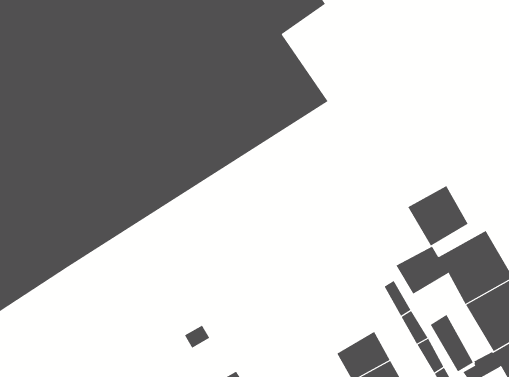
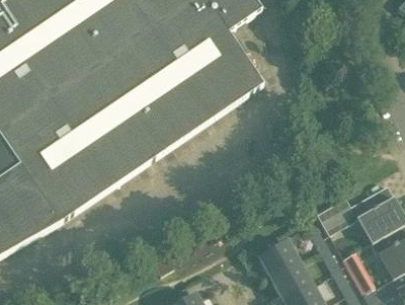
building: [408,185,468,247] -> none
building: none -> [256,240,299,280]

